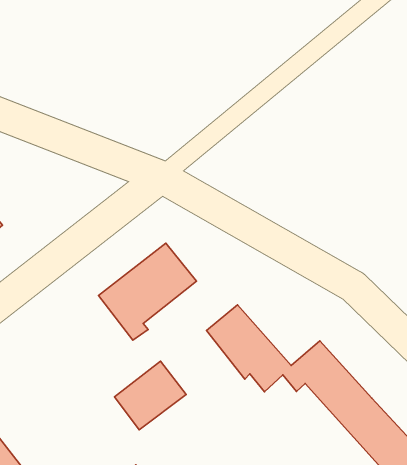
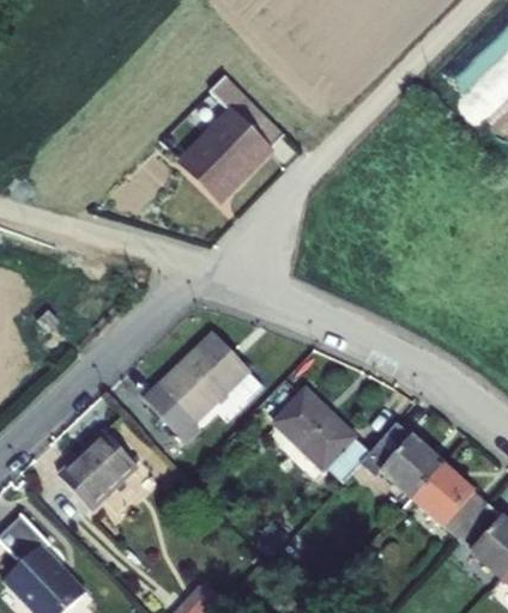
building: none -> [168,74,276,202]
building: [115,361,186,430] -> [68,435,146,511]

